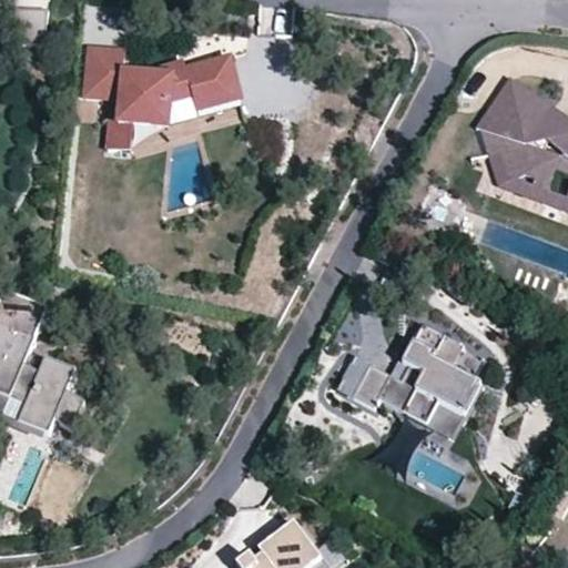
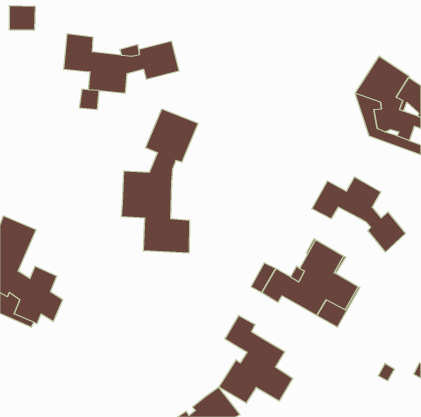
building: none -> [122,109,198,253]
building: none -> [312,177,406,252]
building: none -> [219,315,293,403]

